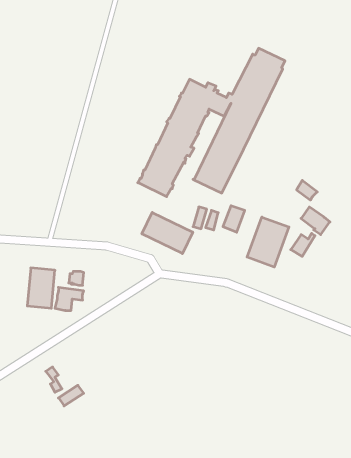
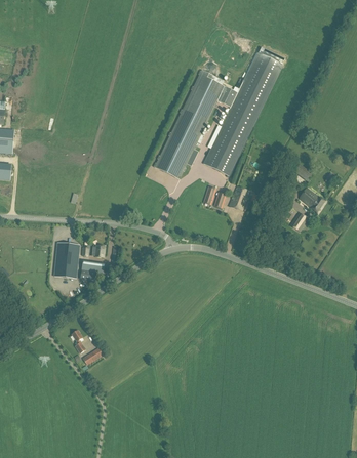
building: [142,212,193,254] -> none
building: [247,217,289,267] -> none

